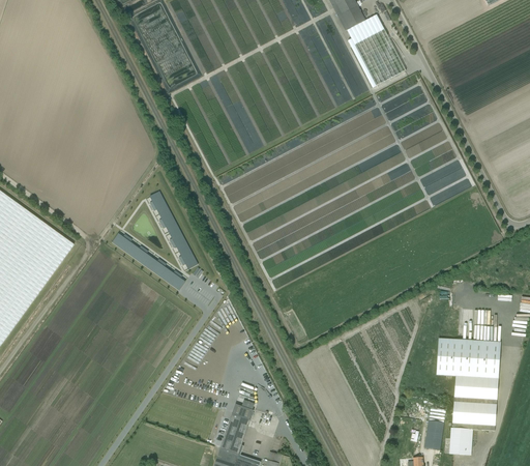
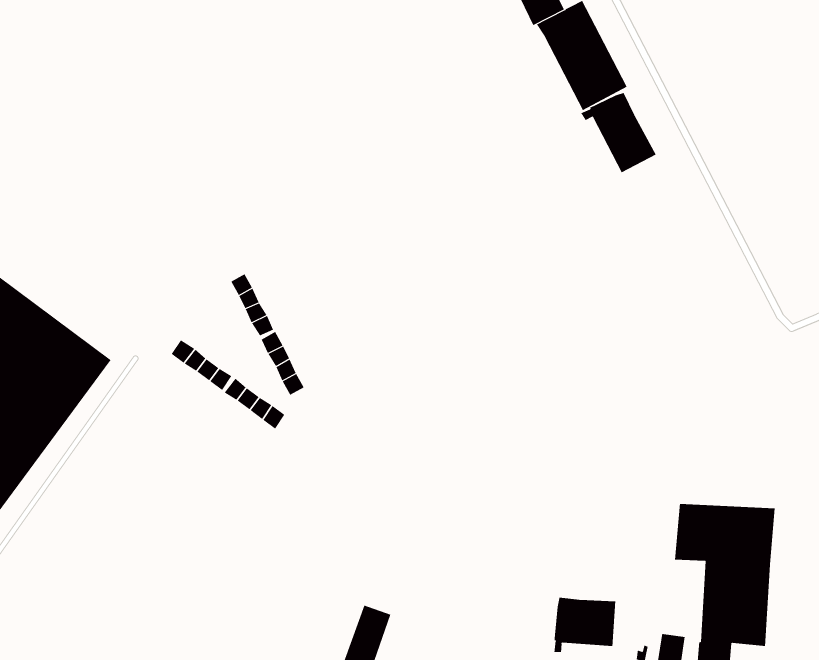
building: none -> [580,92,656,173]
building: none -> [554,597,616,653]

